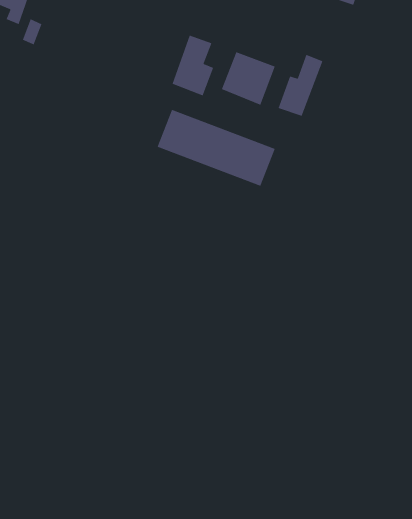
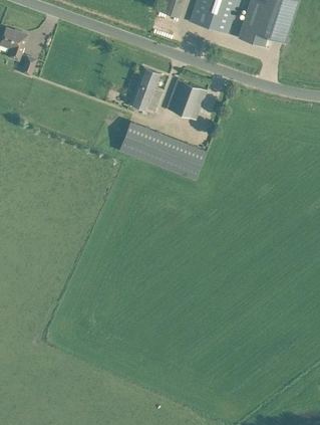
building: [277,54,323,117] -> none

